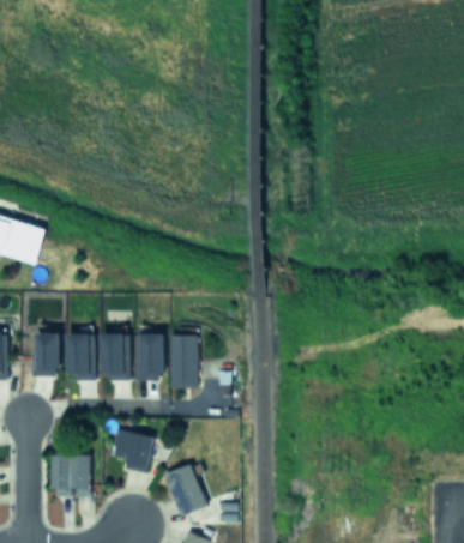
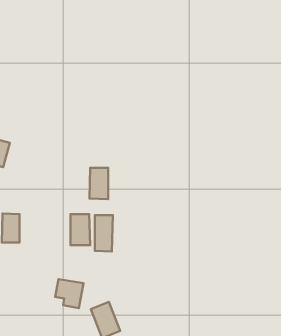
building: [66,333,91,380] -> none
building: [101,333,128,380] -> [89,168,108,199]
building: [50,454,91,496] -> none

